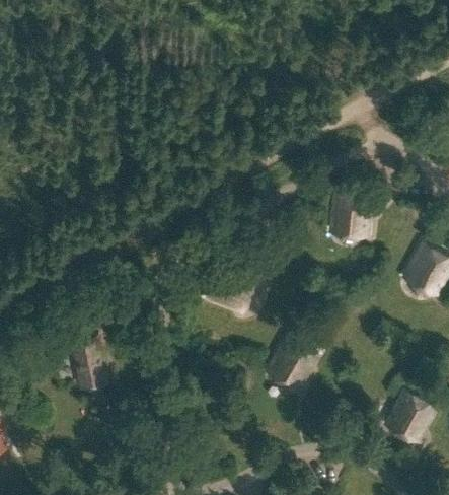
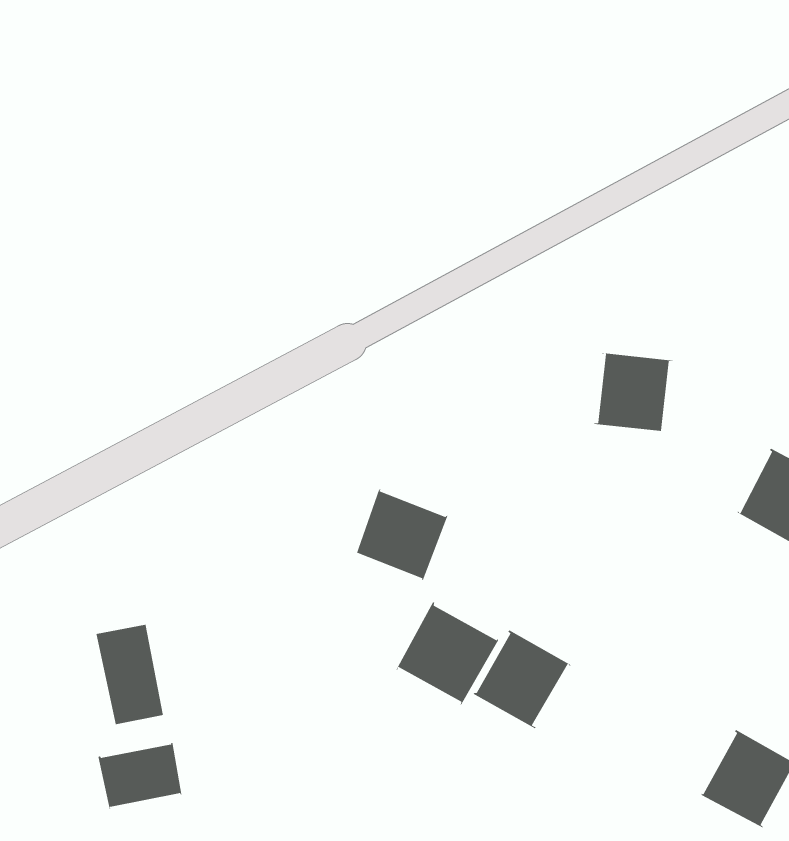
building: none -> [395,602,499,707]
building: none -> [98,742,183,810]

